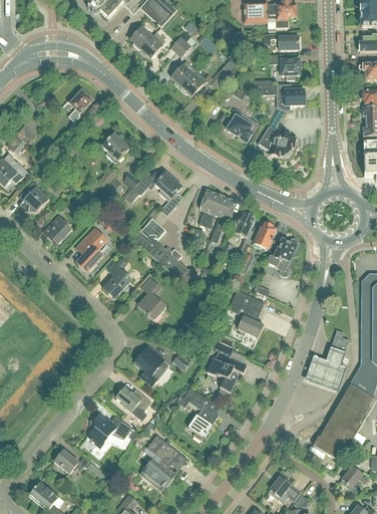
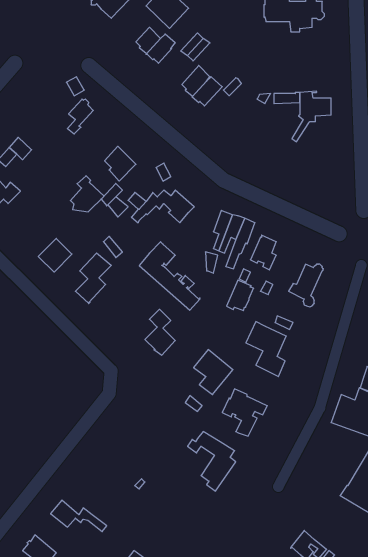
building: [264,35,299,50] -> none
building: [269,54,300,79] -> none
building: [227,108,258,142] -> none
building: [258,125,297,157] -> none
building: [20,181,50,213] -> [70,176,104,212]
building: [253,222,277,249] -> [227,280,254,311]
building: [103,256,132,298] -> none
building: [135,345,170,386] -> [194,350,233,395]
building: [116,387,152,420] -> none
building: [87,412,132,446] -> none
building: [142,434,179,489] -> none

